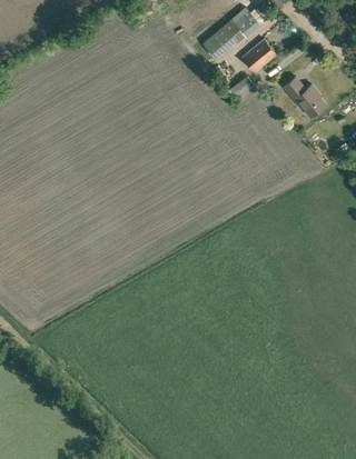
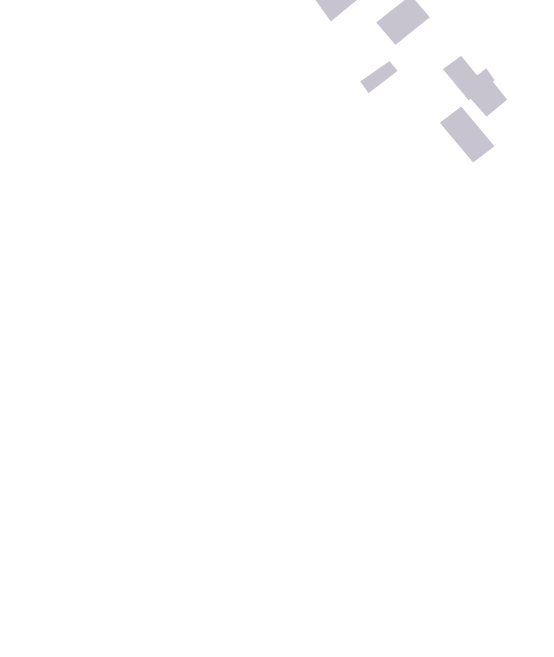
building: none -> [439,105,495,164]

